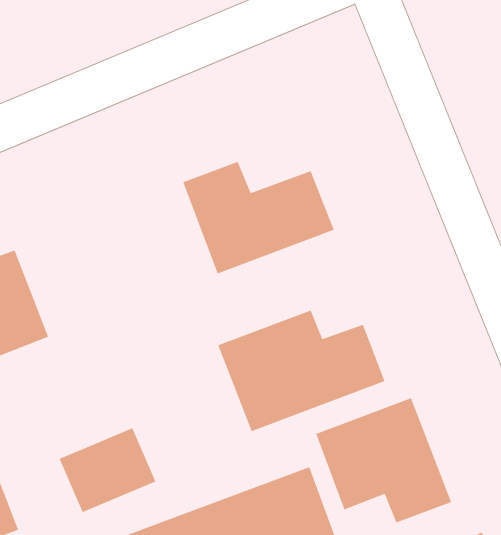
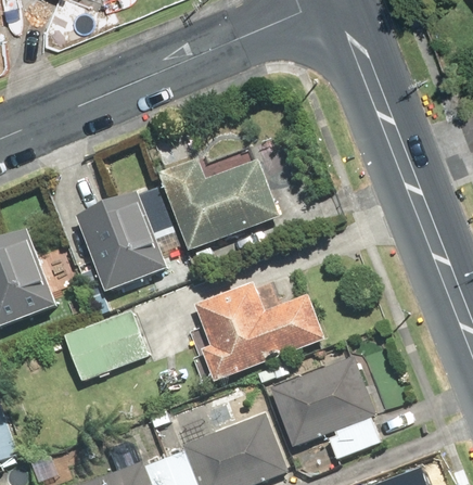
building: none -> [76,193,164,290]
building: [59,427,156,513] -> [59,310,140,382]

